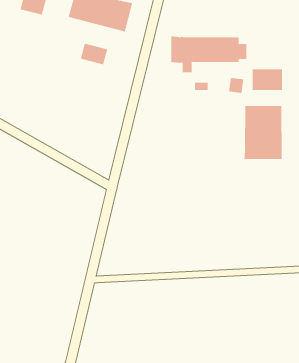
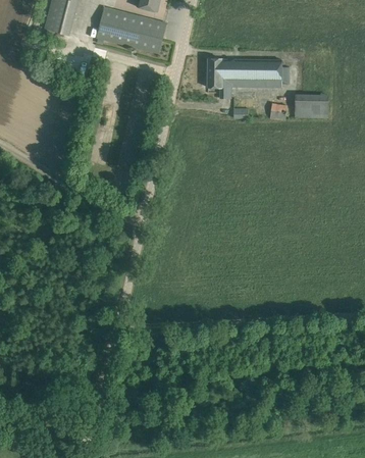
building: [80,43,108,65] -> none
building: [244,105,282,160] -> none

